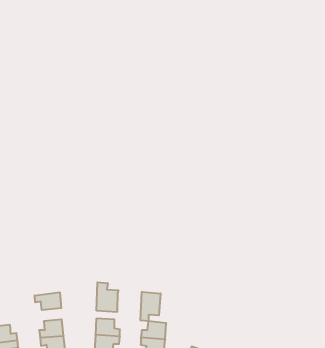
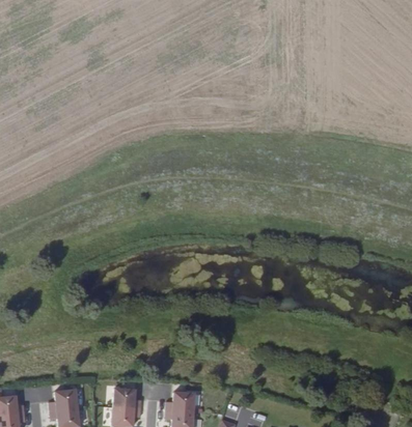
building: [97,282,118,312] -> none
building: [140,292,161,321] -> none
building: [35,292,61,310] -> none

